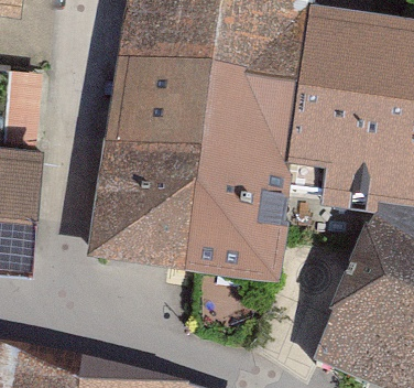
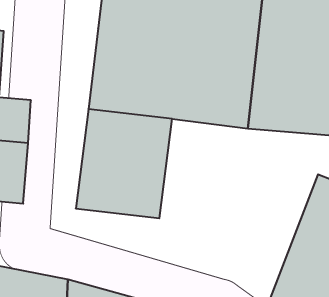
building: [187,162,287,285] -> none

